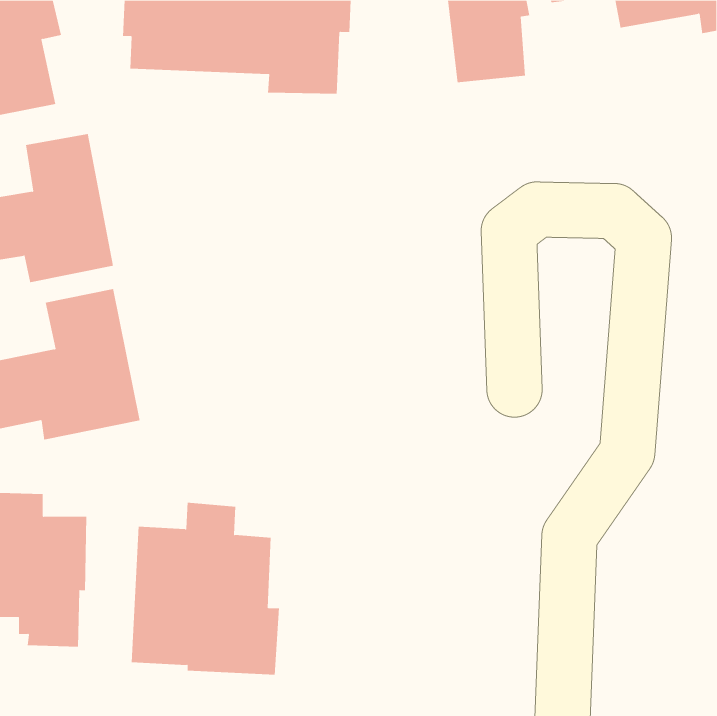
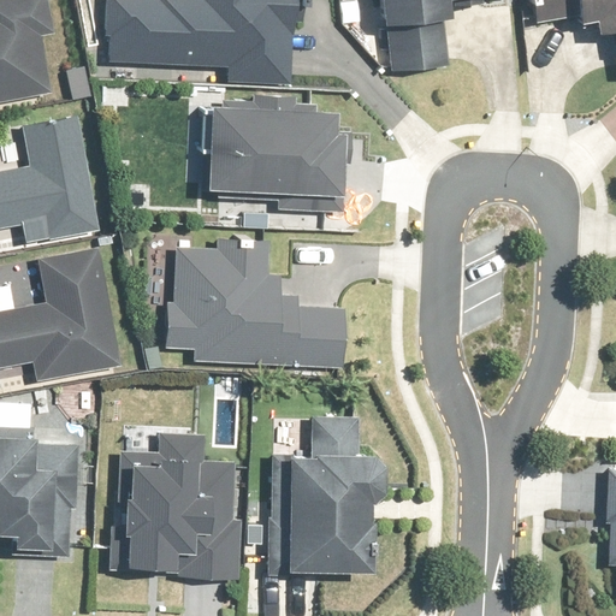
building: none -> [208,95,349,213]
building: none -> [165,238,344,367]
building: none -> [288,416,387,574]

